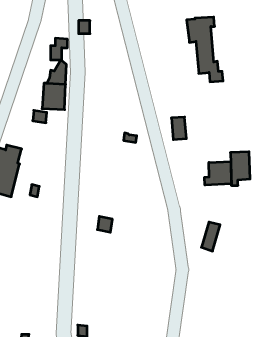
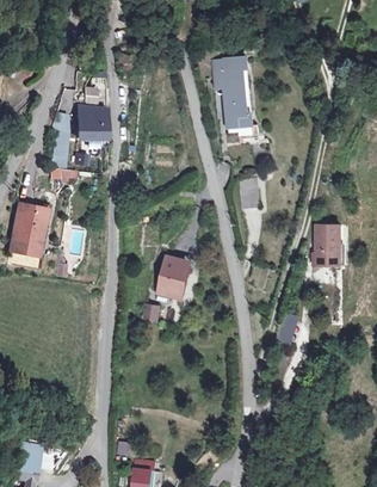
building: [187,17,223,82] -> [210,54,257,136]
building: [205,162,231,185] -> none
building: none -> [161,263,190,300]

